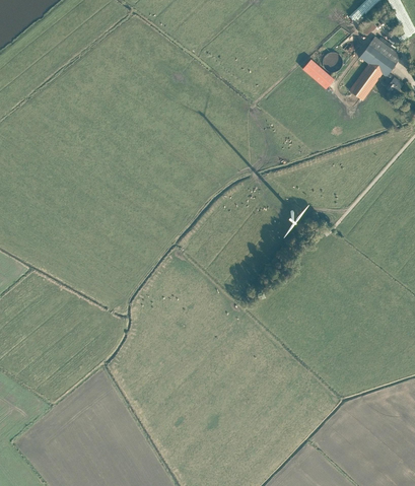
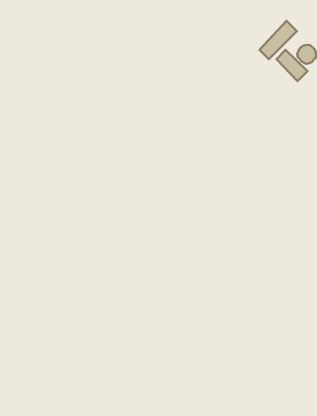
building: none -> [259,21,297,59]

